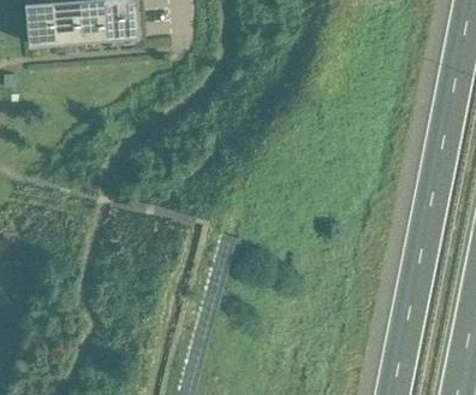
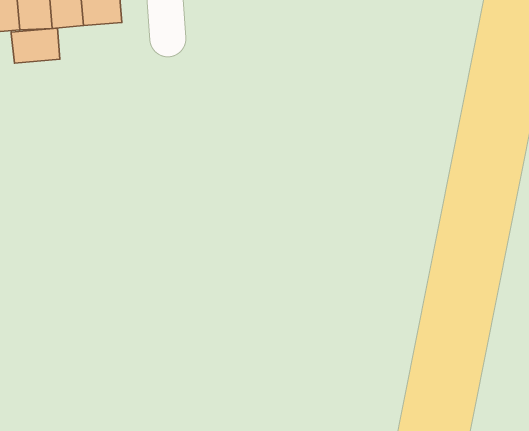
building: none -> [11,28,60,63]

